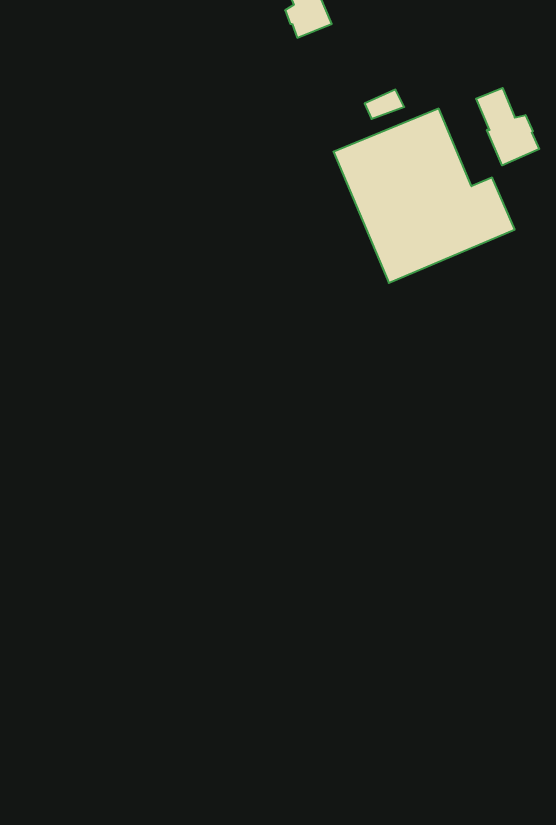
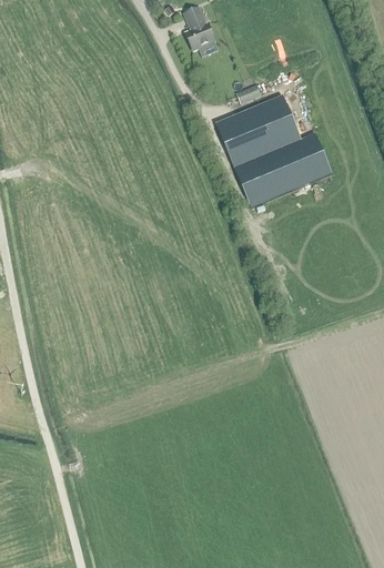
building: [476,88,539,165] -> none

